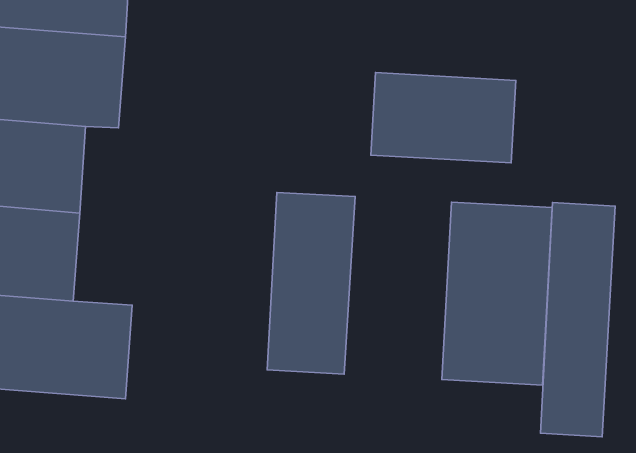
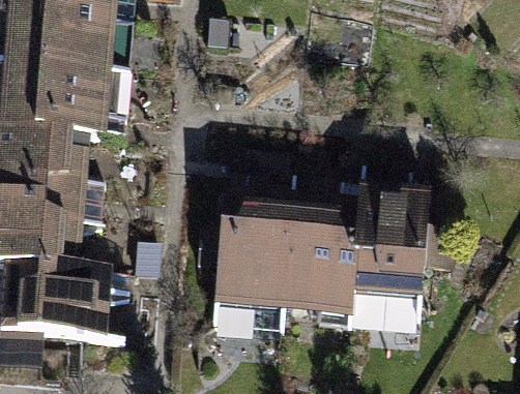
building: [371,72,516,163] -> none
building: none -> [276,186,356,324]
building: [540,202,615,437] -> none

